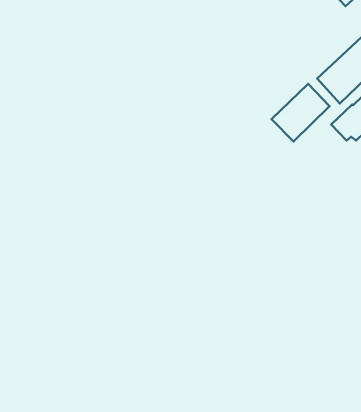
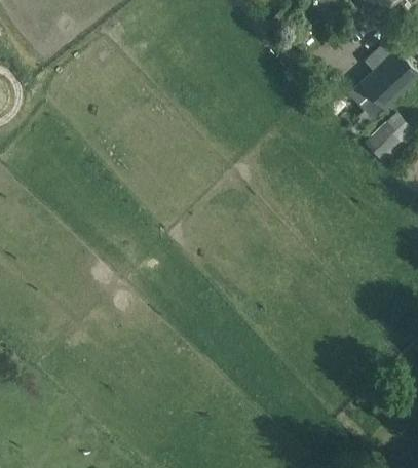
building: [271,84,329,141] -> none

